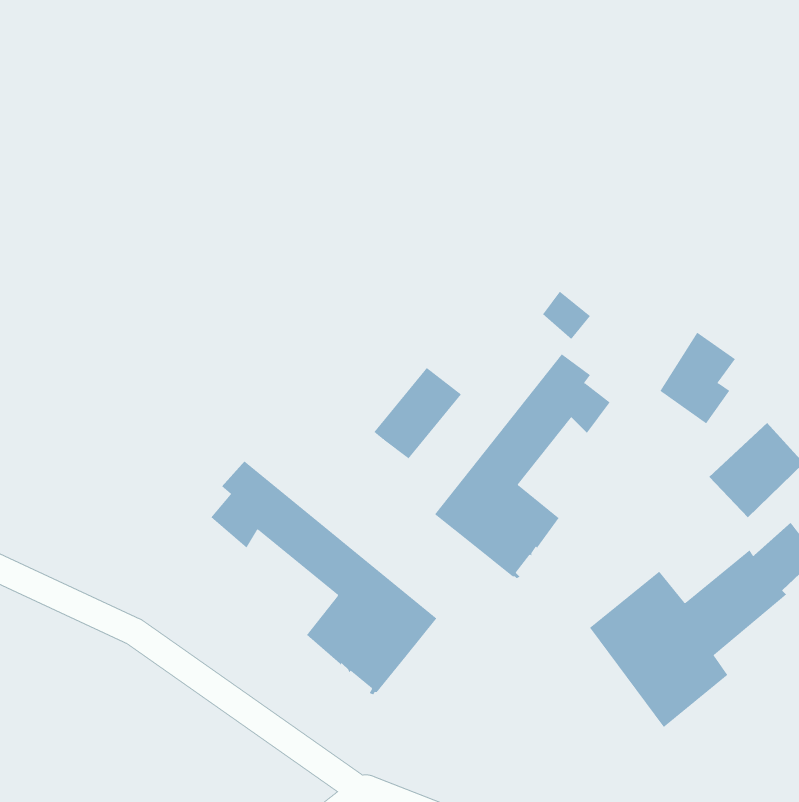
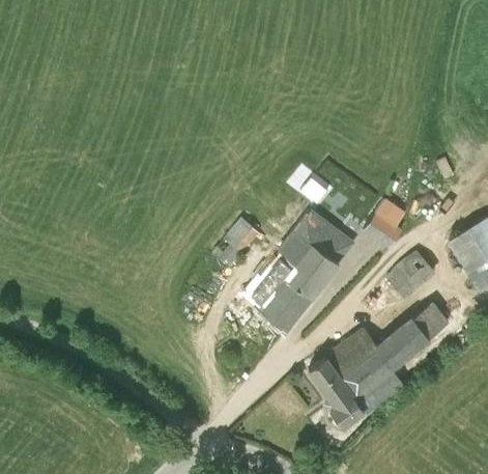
building: none -> [289,238,352,299]
building: [210,461,437,695] -> none
building: none -> [308,357,366,428]

